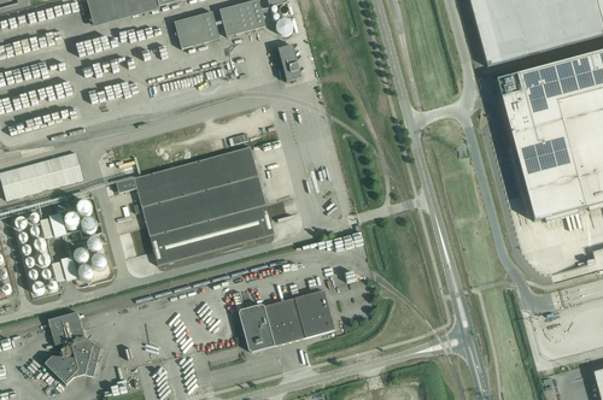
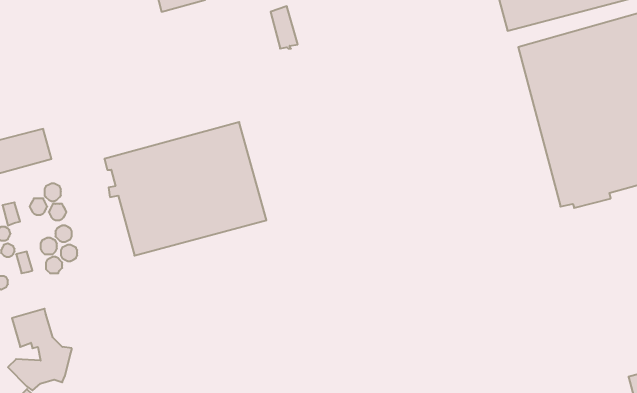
building: [239,289,335,352] -> none

